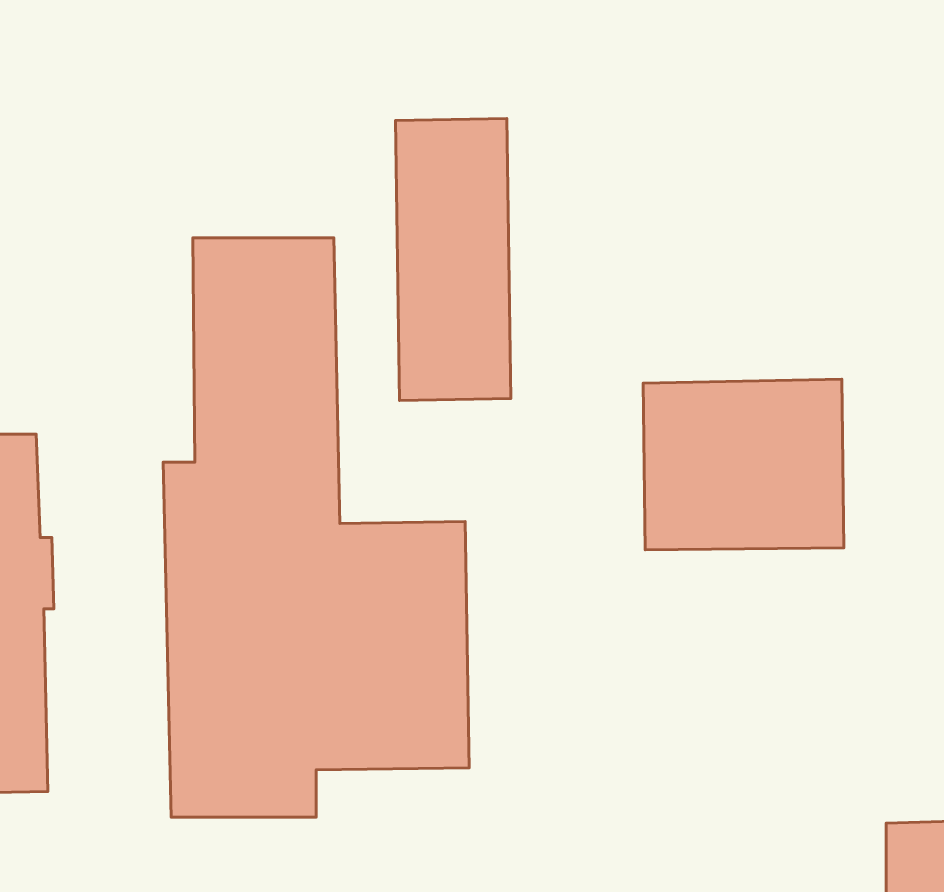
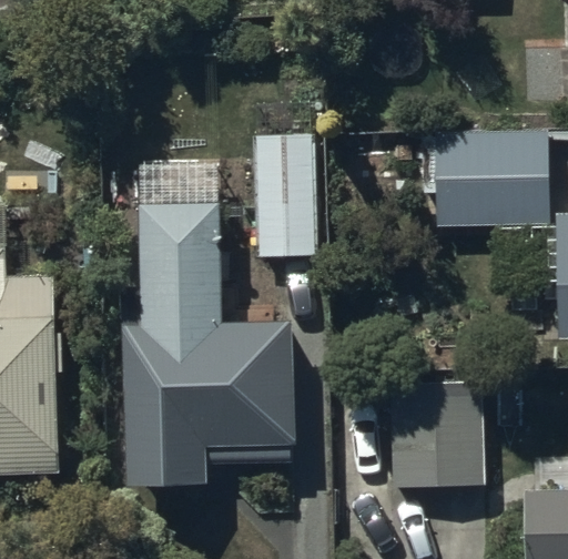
building: [643,379,844,550] -> [436,130,548,225]
building: none -> [387,380,484,488]

